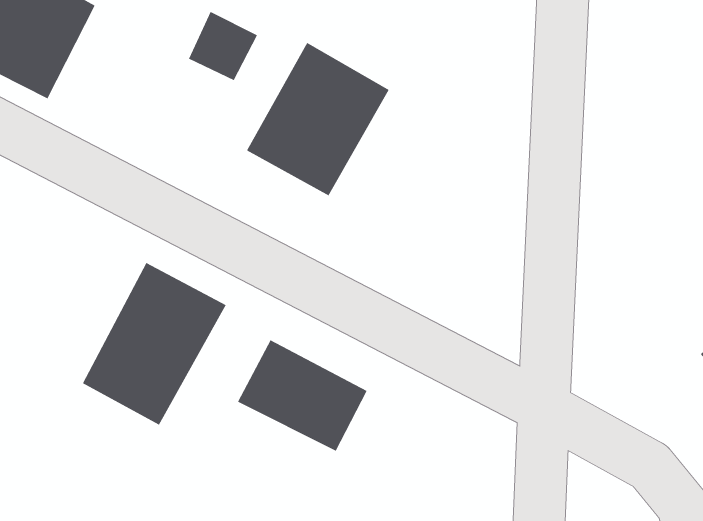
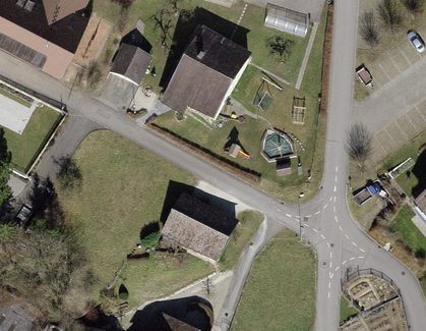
building: [188,11,258,81] -> [113,43,151,81]
building: [82,262,227,425] -> none

